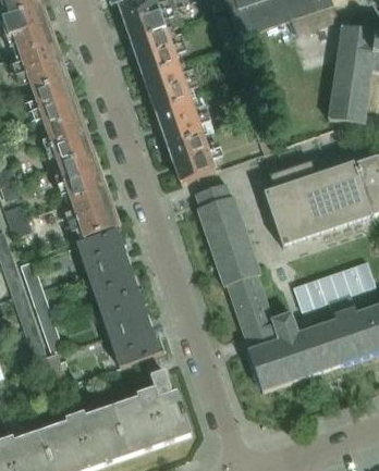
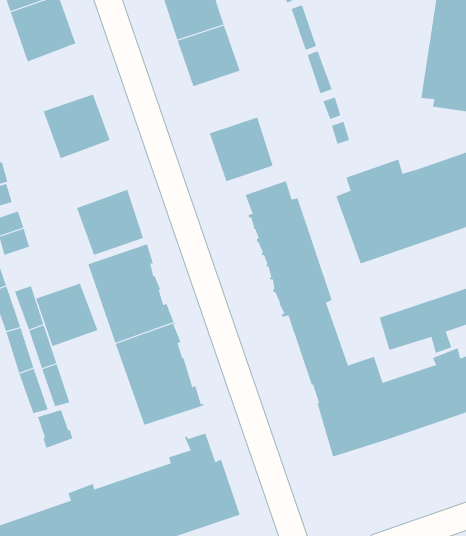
building: [29,77,80,128] -> none
building: [155,96,213,145] -> none
building: [54,150,106,201] -> none
building: none -> [36,283,98,347]

